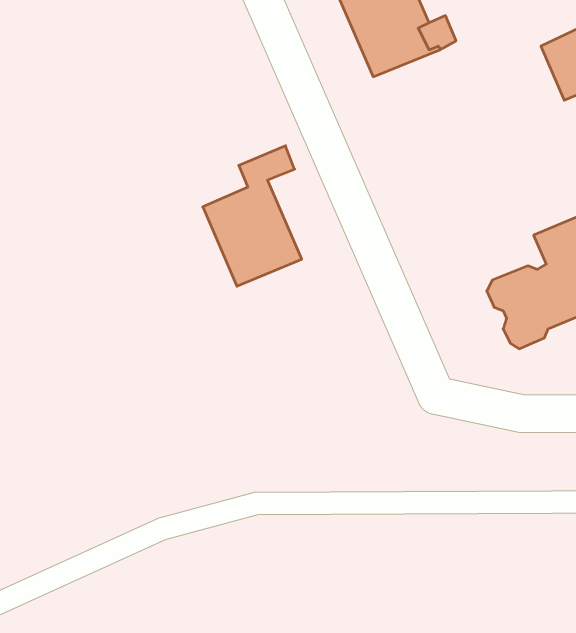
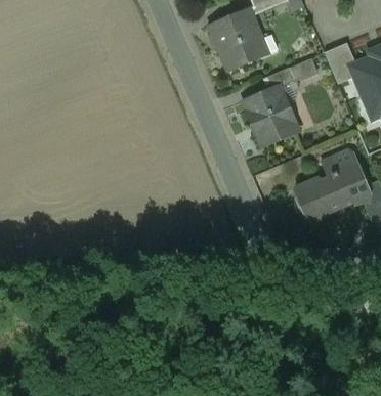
building: [203,146,302,286] -> [243,67,299,146]

